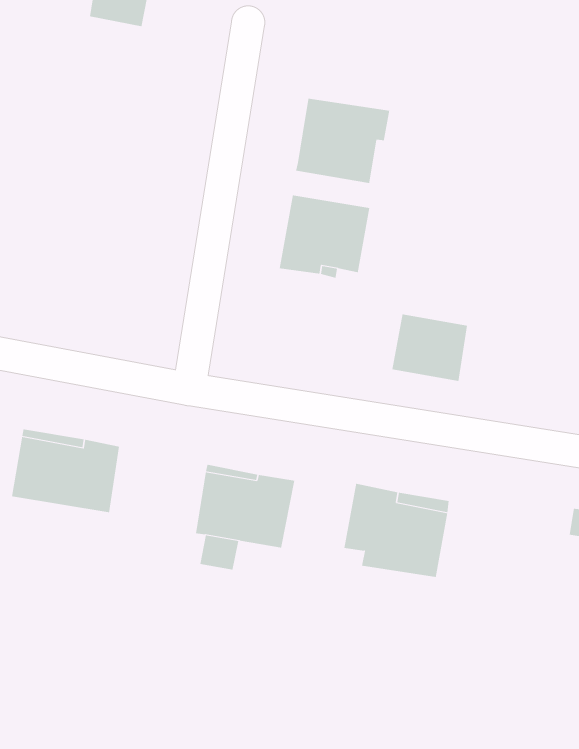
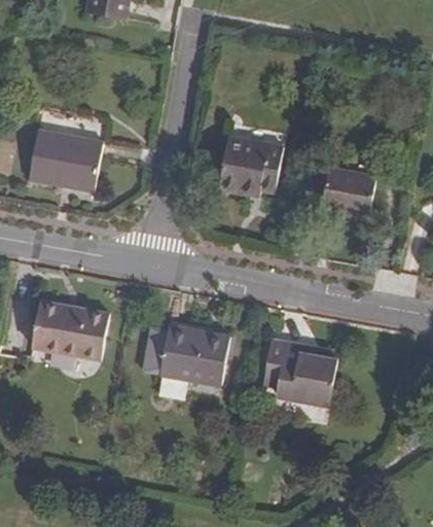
building: [296,98,390,184] -> none
building: none -> [28,131,102,190]
building: [391,314,468,381] -> [321,168,374,215]

